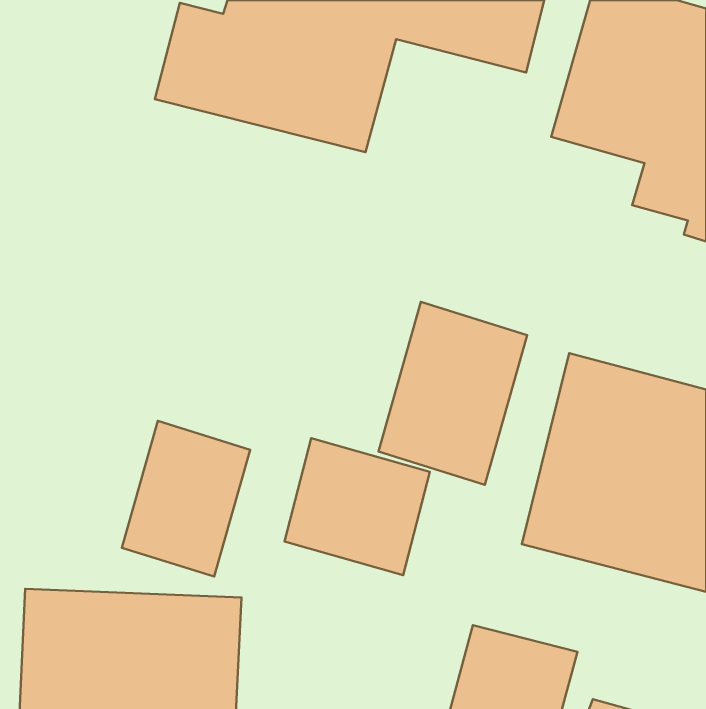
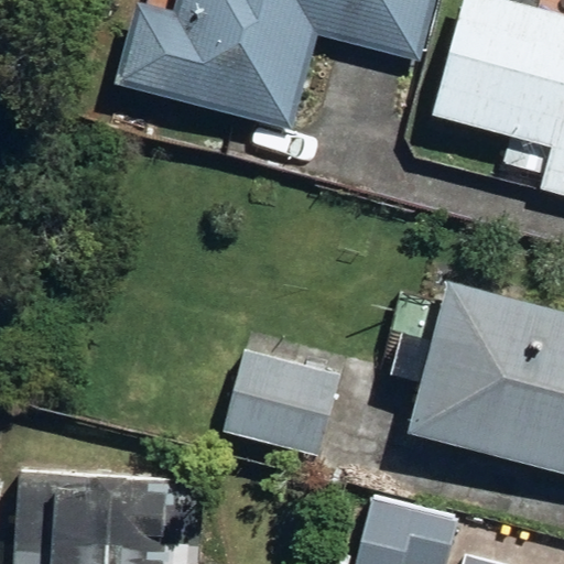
building: [379,302,527,485] -> none
building: [122,421,250,577] -> none

